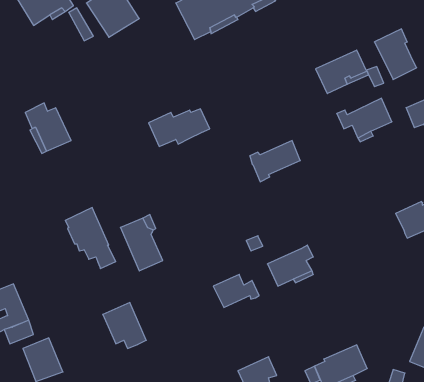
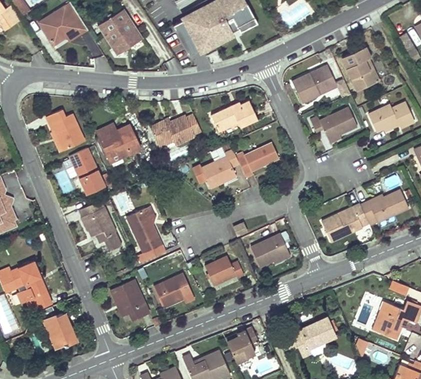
building: none -> [211,99,257,131]
building: none -> [96,125,140,162]
building: none -> [69,148,104,194]
building: none -> [201,149,239,187]
building: none -> [322,203,367,241]
building: none -> [154,274,188,307]

